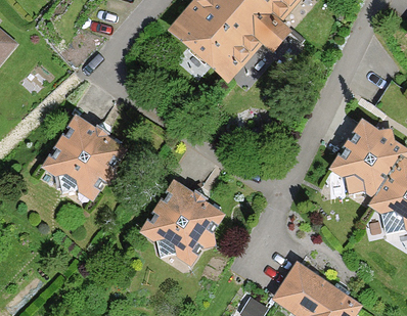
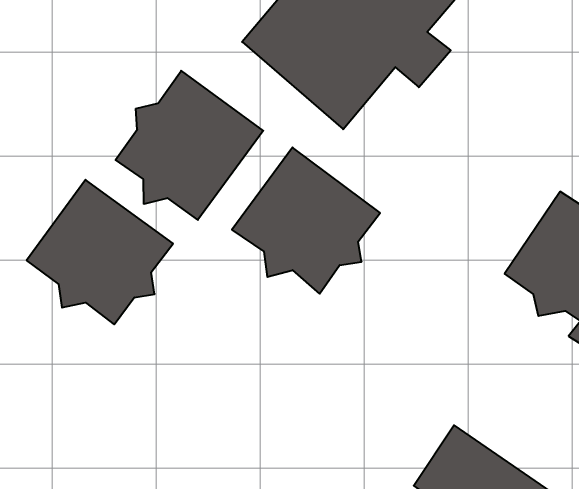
building: none -> [116,71,263,220]
building: [138,176,228,265] -> [232,147,380,294]

